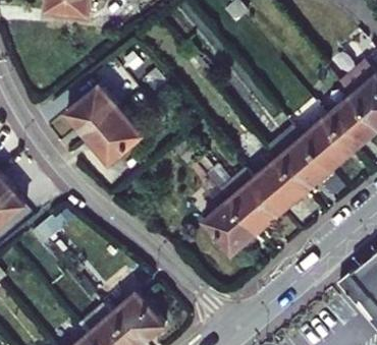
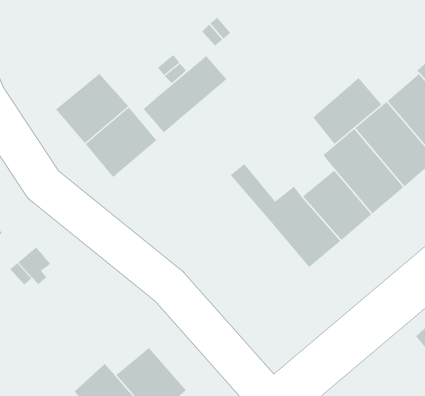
building: none -> [143,55,227,133]
building: none -> [312,77,382,145]
building: [206,198,260,254] -> none

